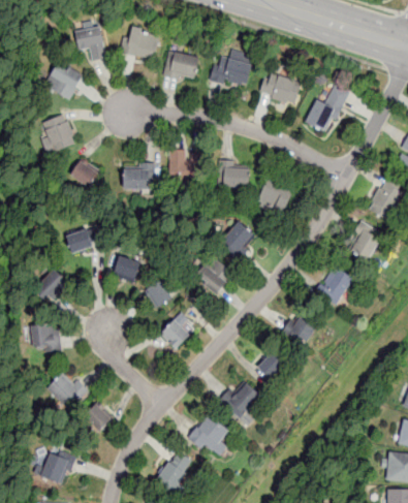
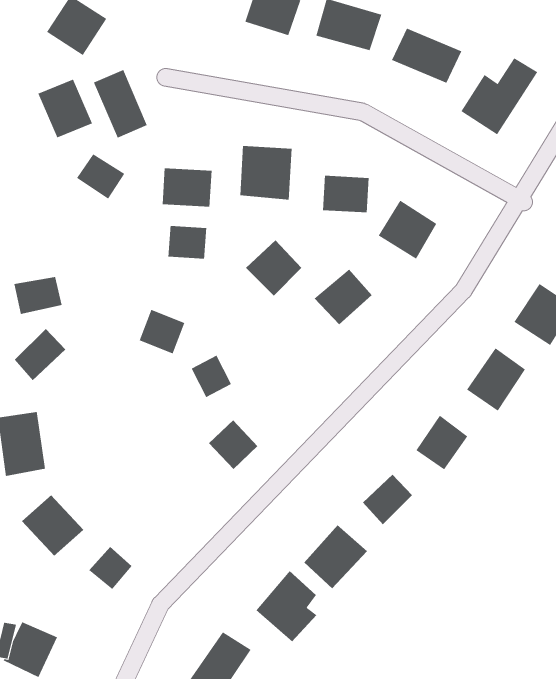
building: none -> [93,69,148,138]
building: none -> [168,225,207,259]
building: [65,227,96,252] -> [13,276,62,314]
building: [197,257,232,292] -> [245,240,302,296]

